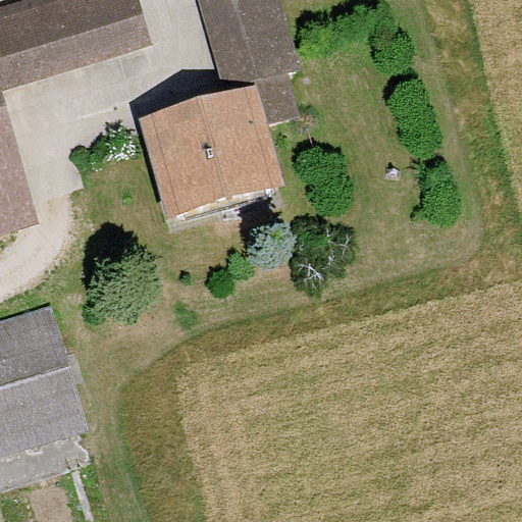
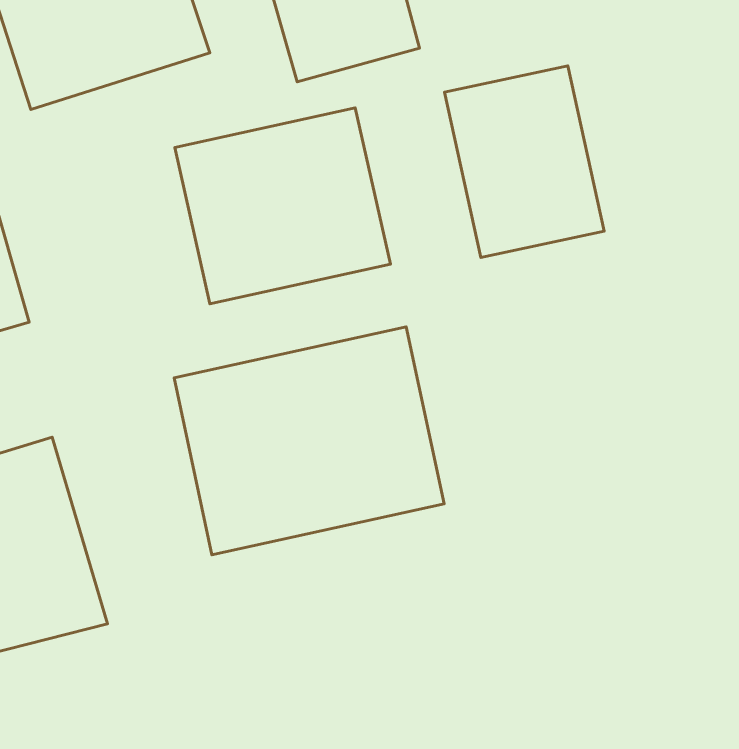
building: none -> [444,66,604,258]
building: none -> [174,327,444,555]

